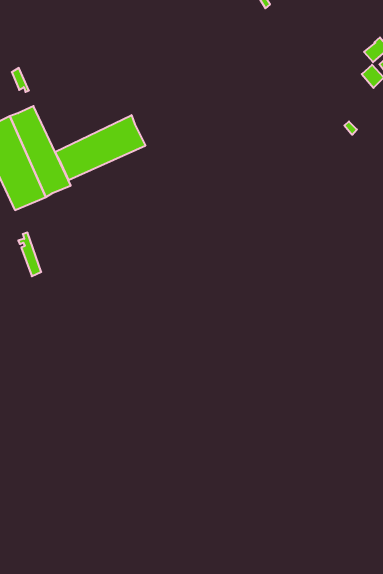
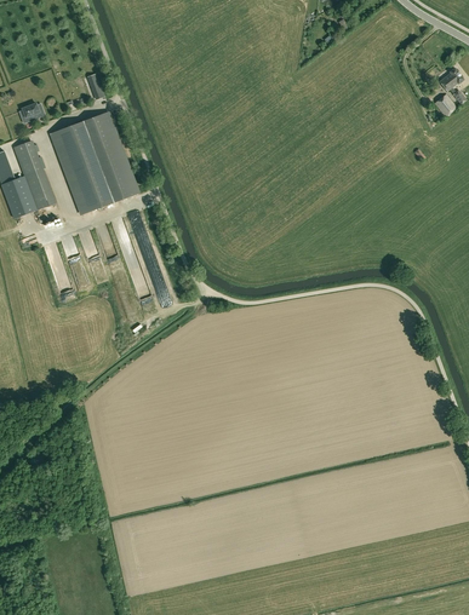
building: [55,115,145,180] -> none

